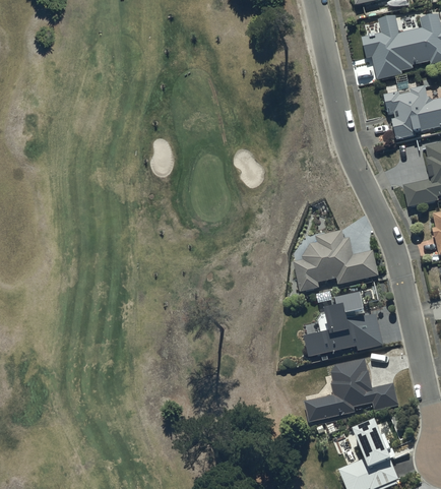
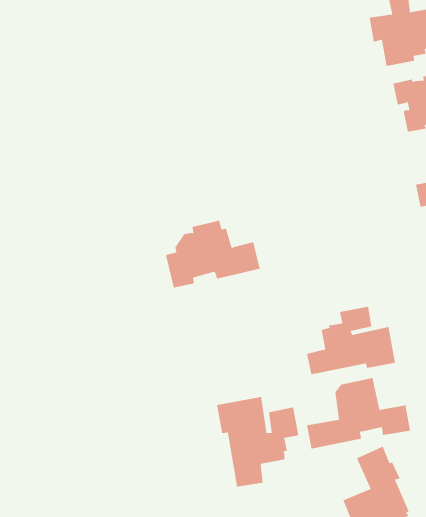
building: [293,230,378,291] -> [165,220,261,288]
building: none -> [216,396,299,488]

